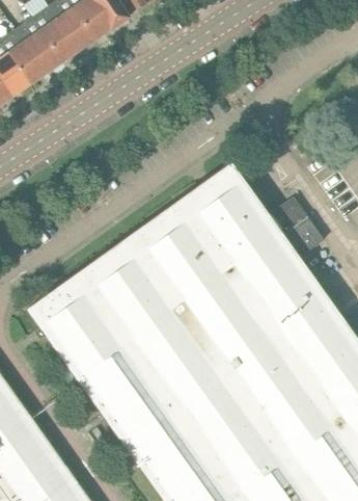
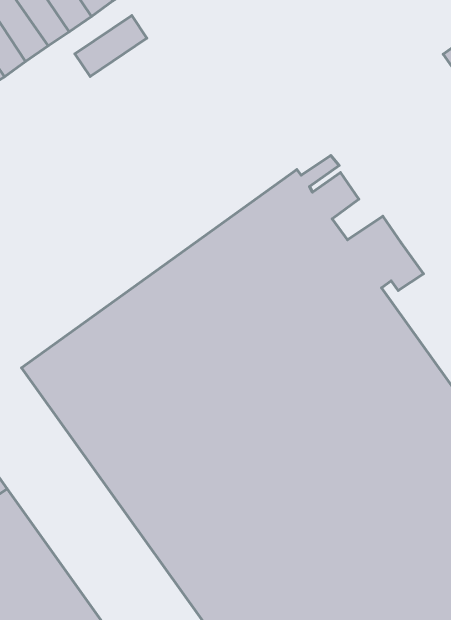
building: none -> [75,15,147,77]

